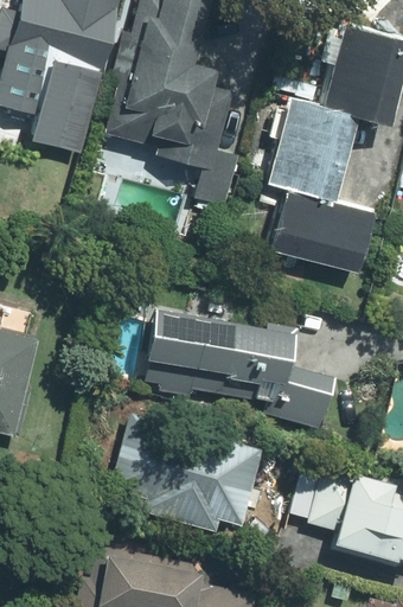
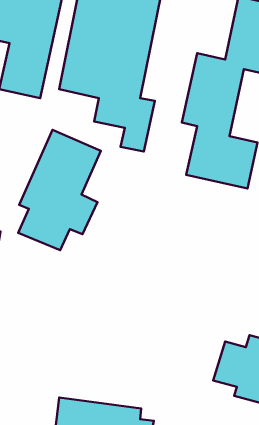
building: none -> [18,130,101,250]
building: [154,311,337,423] -> none
building: [111,416,262,532] -> none

